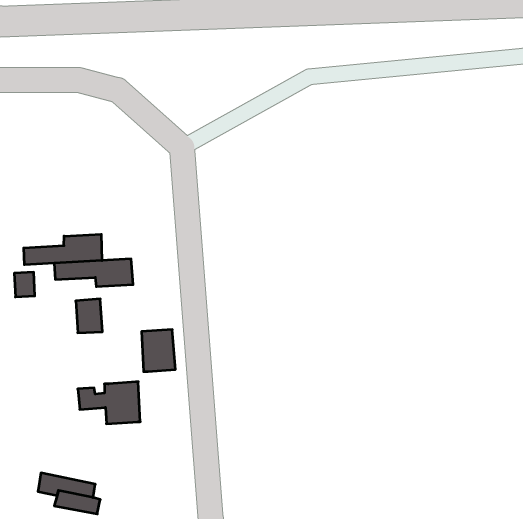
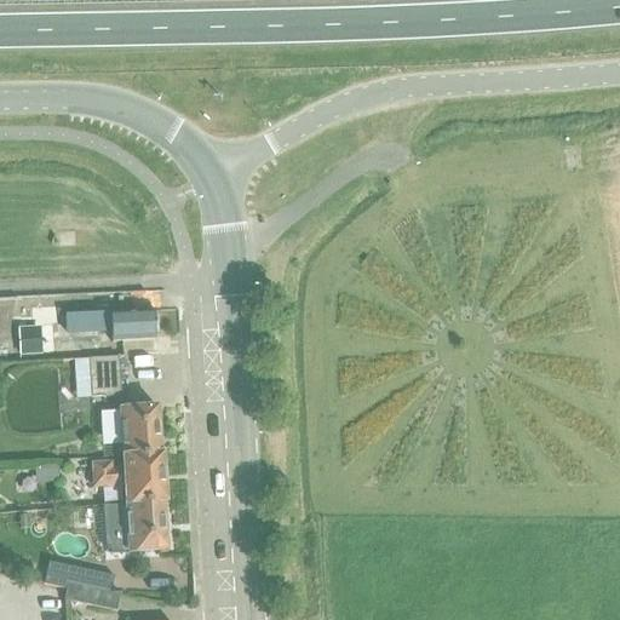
building: [24,234,102,265] -> none
building: [142,330,175,372] -> [121,404,161,454]
building: none -> [104,499,166,550]

